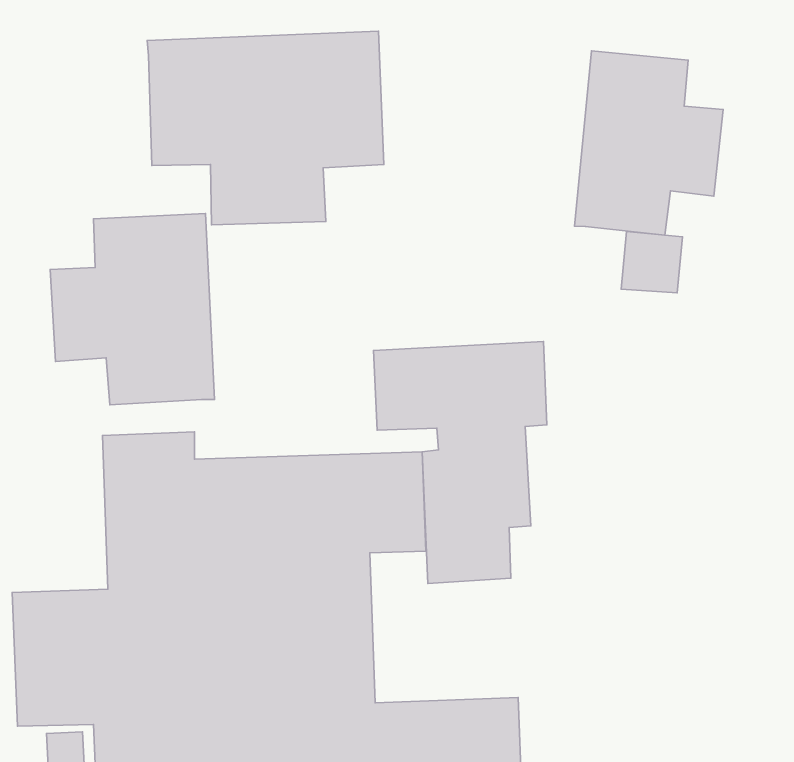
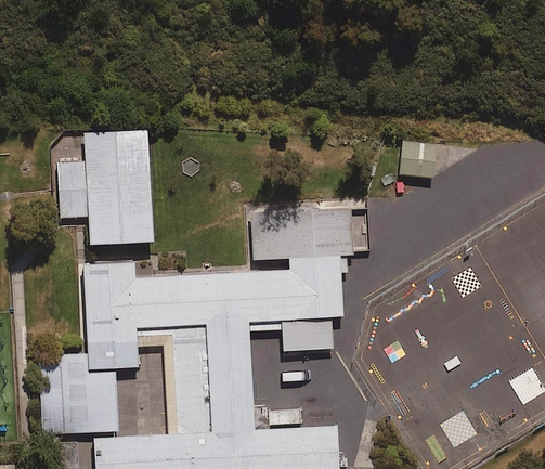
building: [147,31,384,225] -> none
building: [575,51,723,235] -> none

